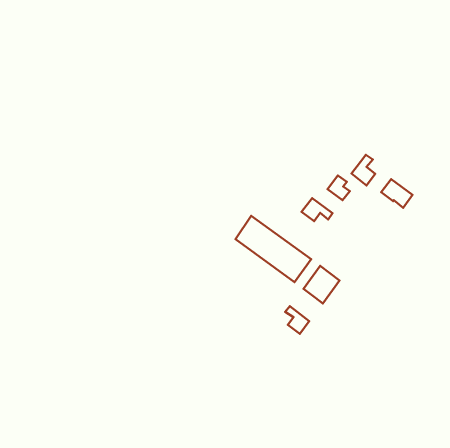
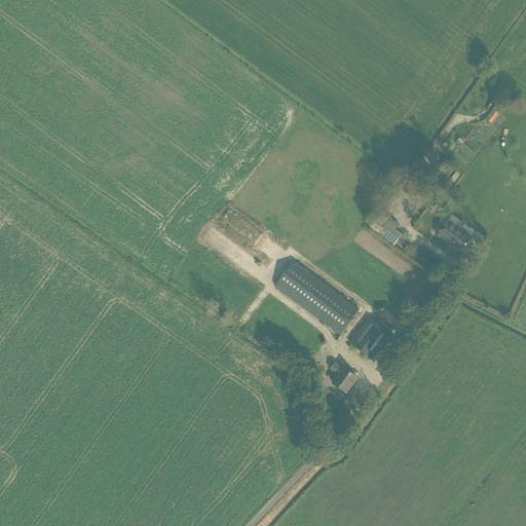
building: [351,155,375,186] -> none
building: [301,198,332,221] -> none

